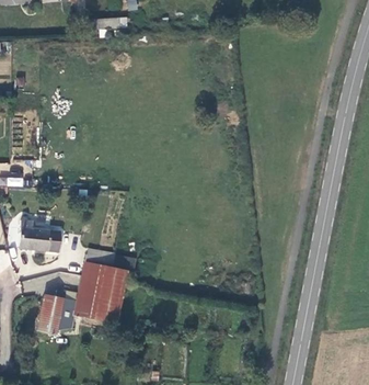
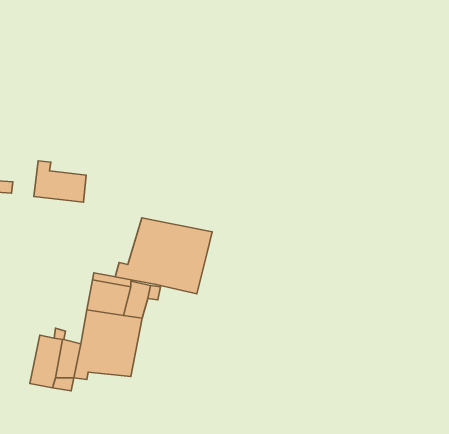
building: none -> [115,218,212,294]
building: [19,219,59,251] -> [34,161,86,202]

